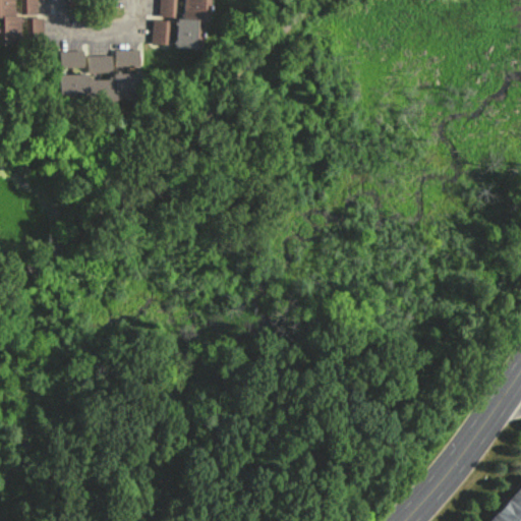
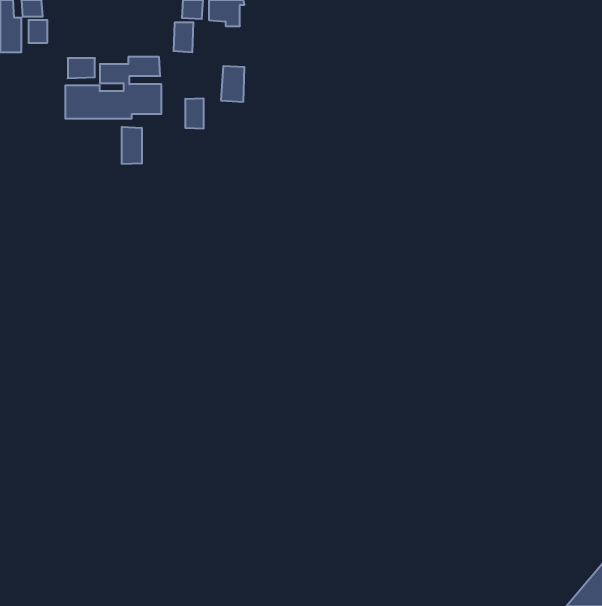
building: [176,18,196,49] -> [221,66,245,102]
building: none -> [185,98,203,129]
building: none -> [122,127,142,164]

